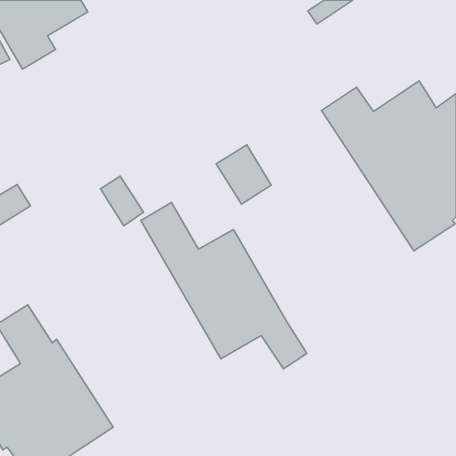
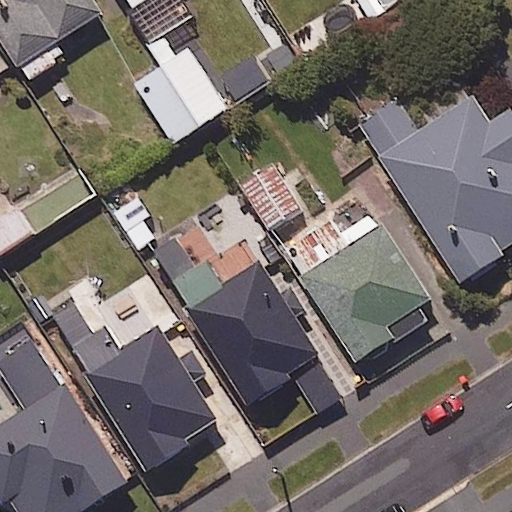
building: none -> [135,33,225,142]
building: none -> [283,214,428,361]
building: none -> [46,295,219,470]

